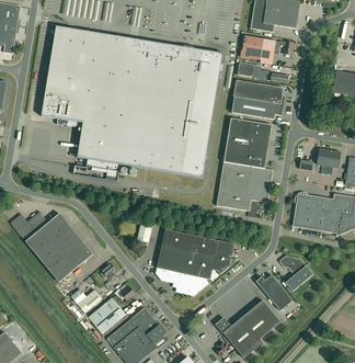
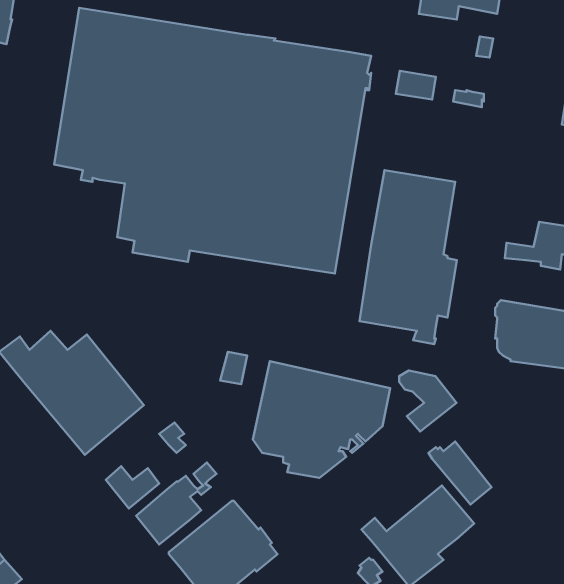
building: [239,35,278,59] -> none
building: [231,79,284,120] -> none
building: [279,256,312,291] -> [399,370,456,431]

